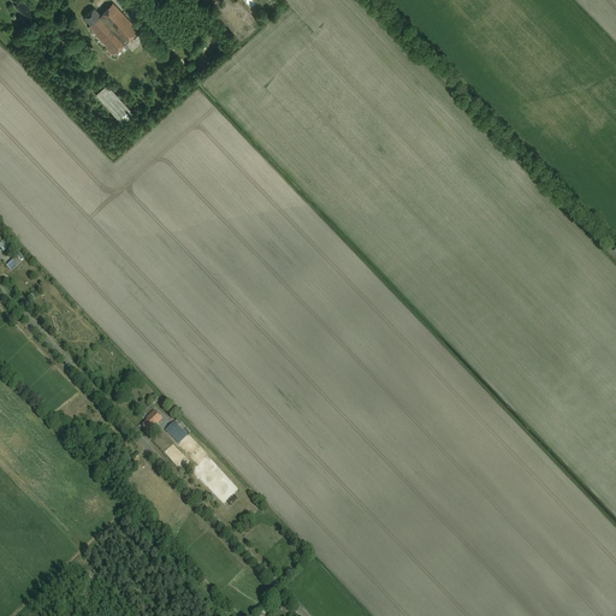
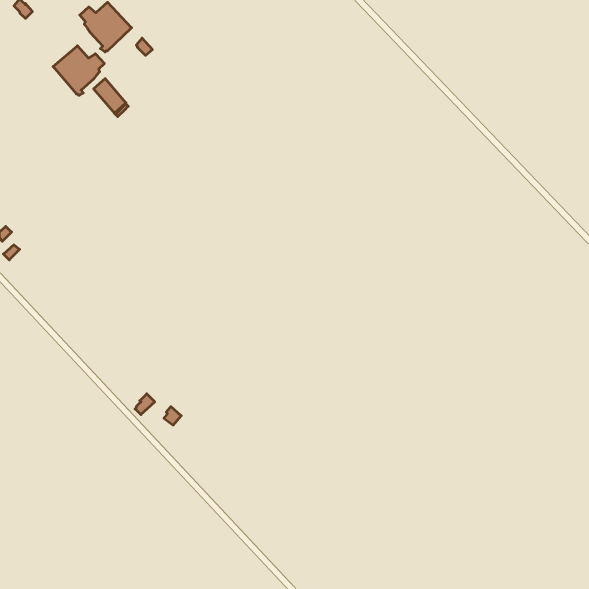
building: none -> [53,46,104,95]

